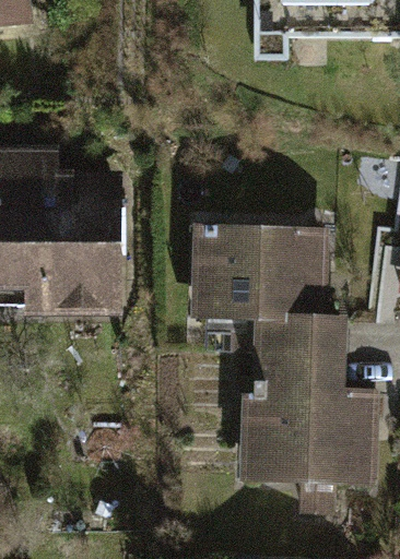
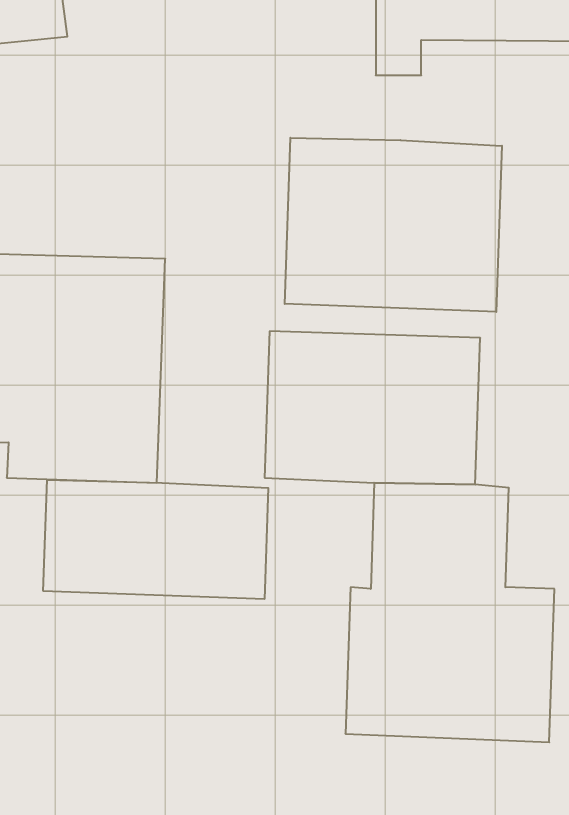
building: none -> [285,138,502,312]
building: none -> [43,480,268,599]

